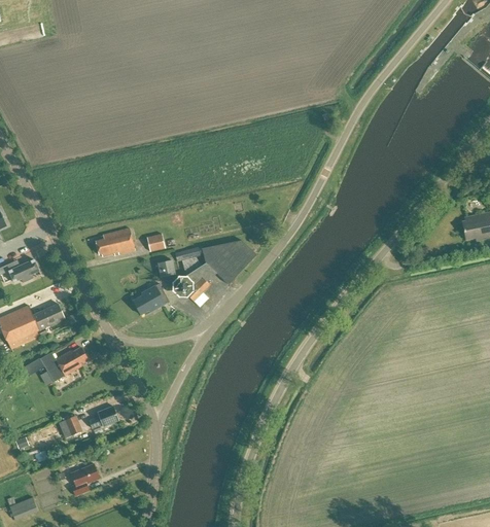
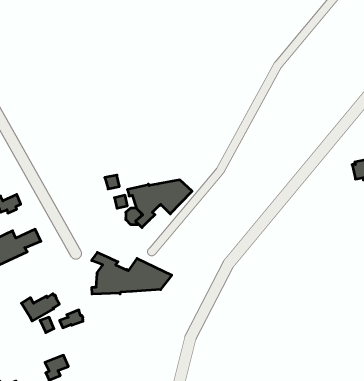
building: [95,229,134,257] -> none
building: [132,284,168,315] -> none
building: none -> [92,252,172,294]
building: [39,347,88,382] -> [21,294,59,321]

